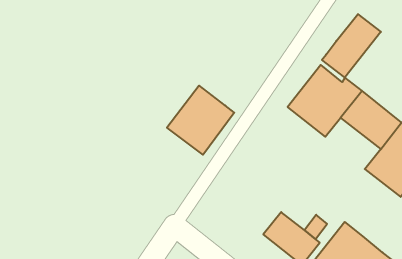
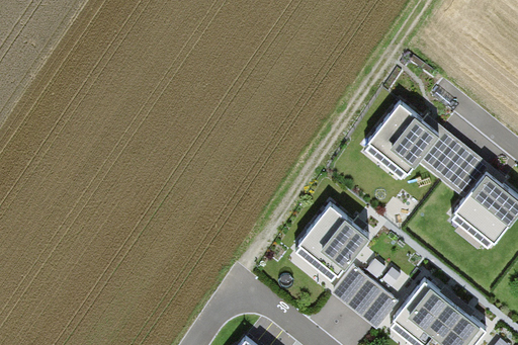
building: [322,14,381,78] -> none
building: [167,86,234,155] -> [294,202,370,280]

